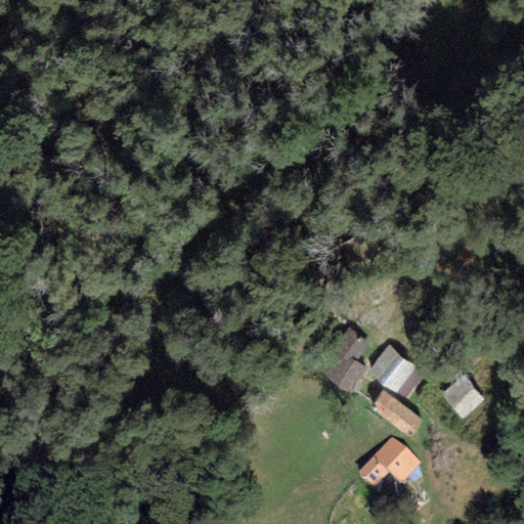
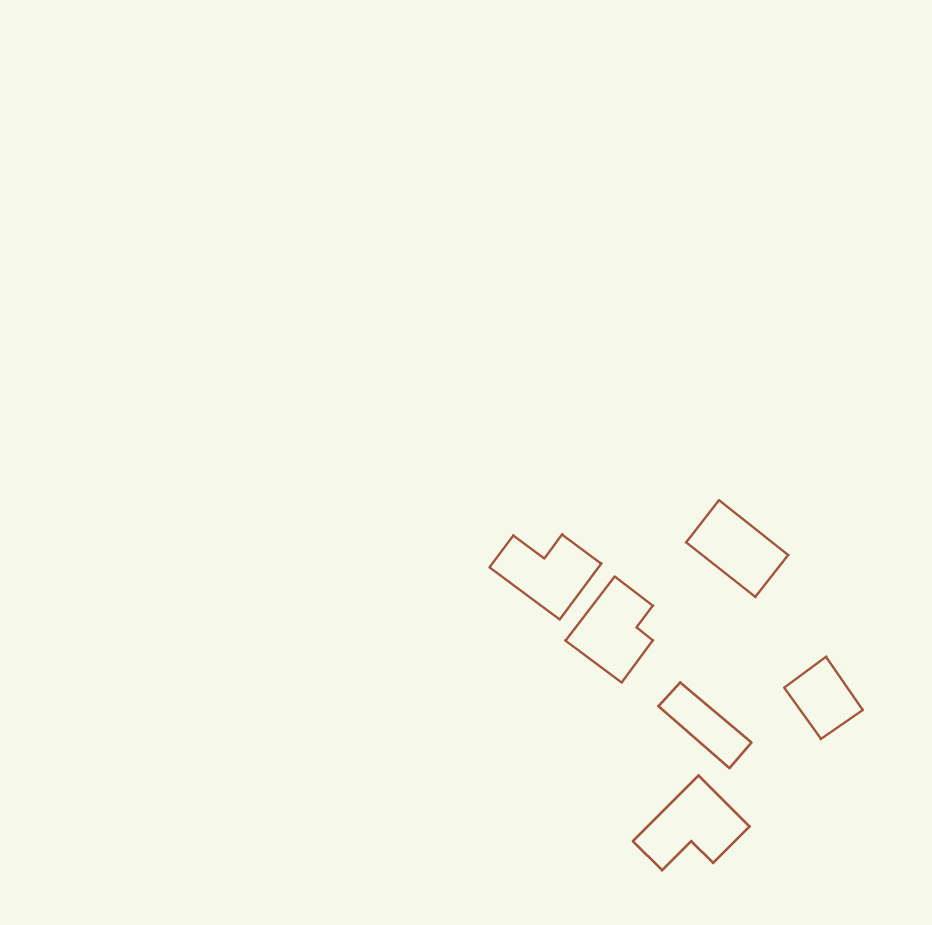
building: none -> [490,534,601,619]
building: [370,345,428,399] -> [686,500,788,597]

